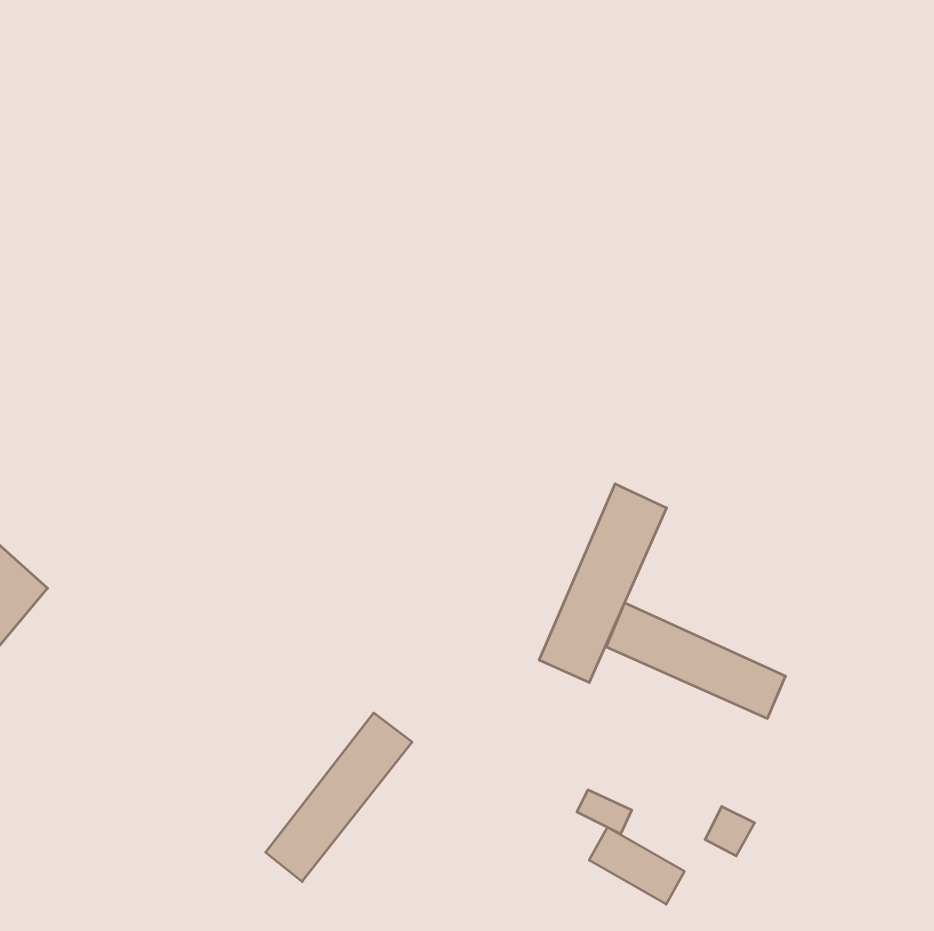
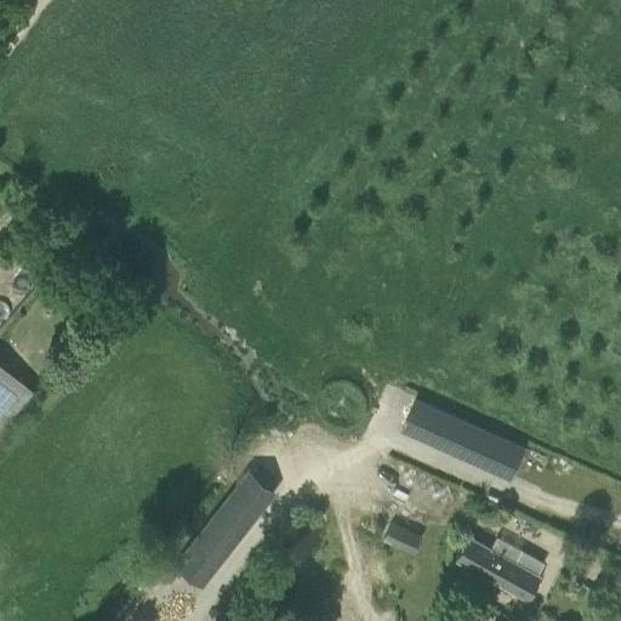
building: [539,484,667,683] -> none
building: [589,827,684,904] -> [488,548,551,599]

